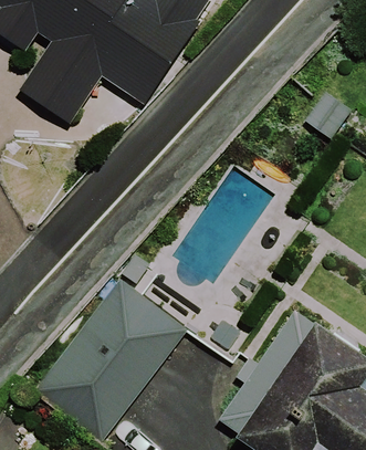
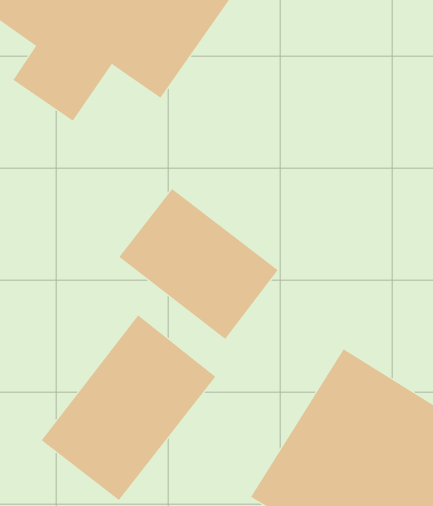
building: none -> [119,188,278,340]

